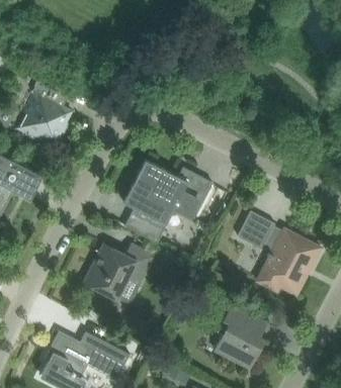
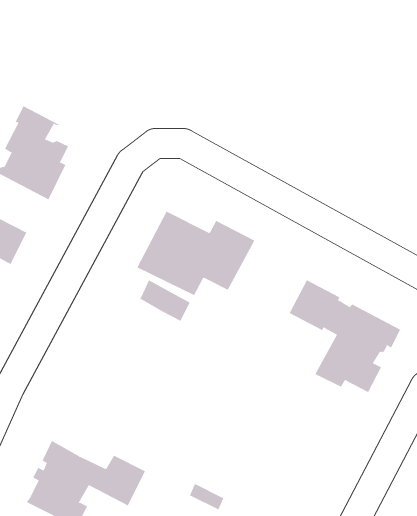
building: [83,242,154,299] -> none
building: [214,304,267,369] -> none

